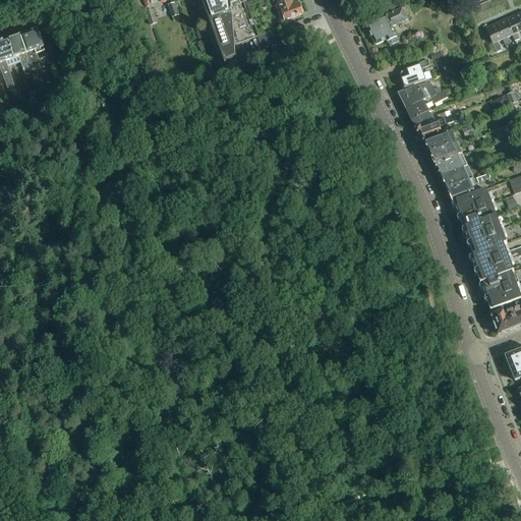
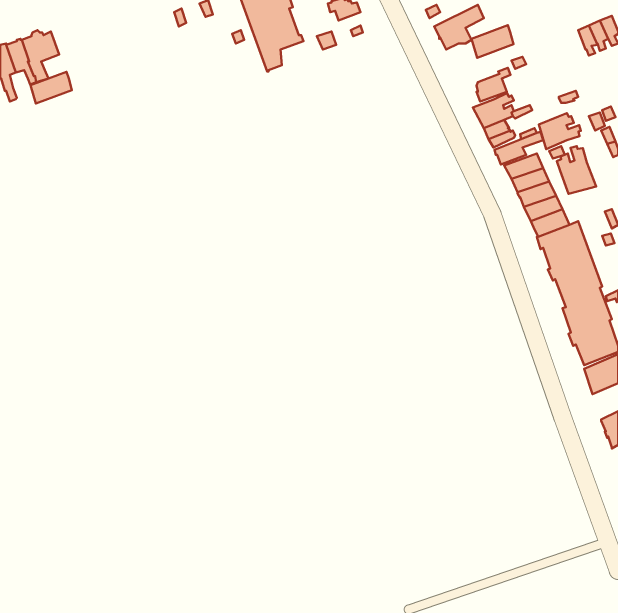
building: none -> [471,25,513,58]
building: none -> [30,72,72,103]
building: none -> [539,113,581,149]
building: none -> [557,146,596,194]

